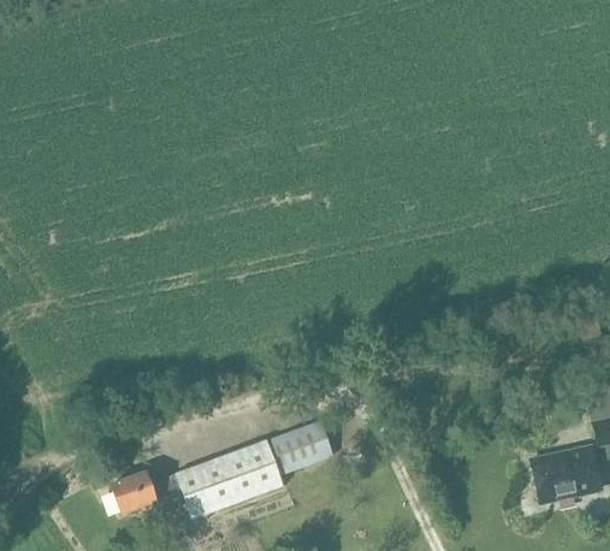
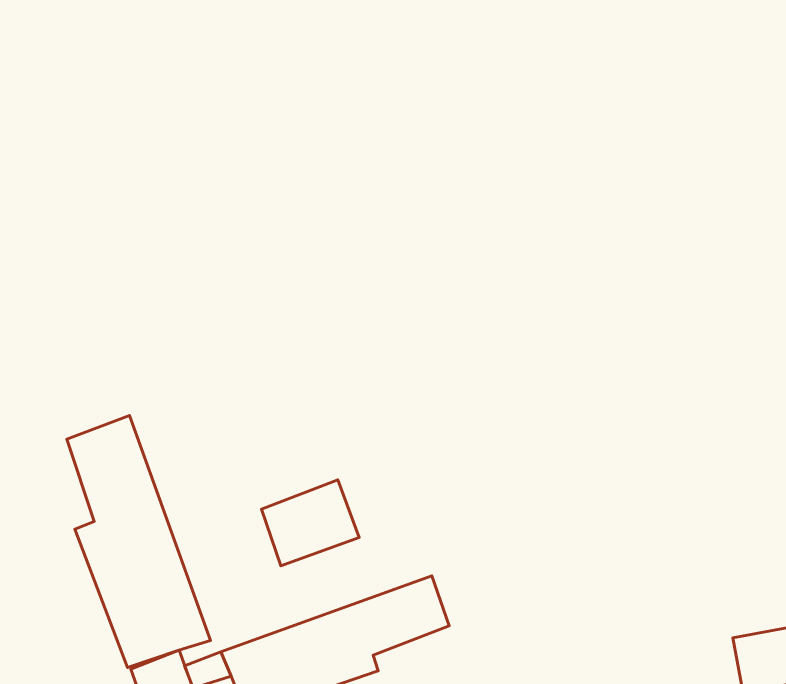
building: none -> [67,416,211,667]
building: none -> [261,480,359,566]

